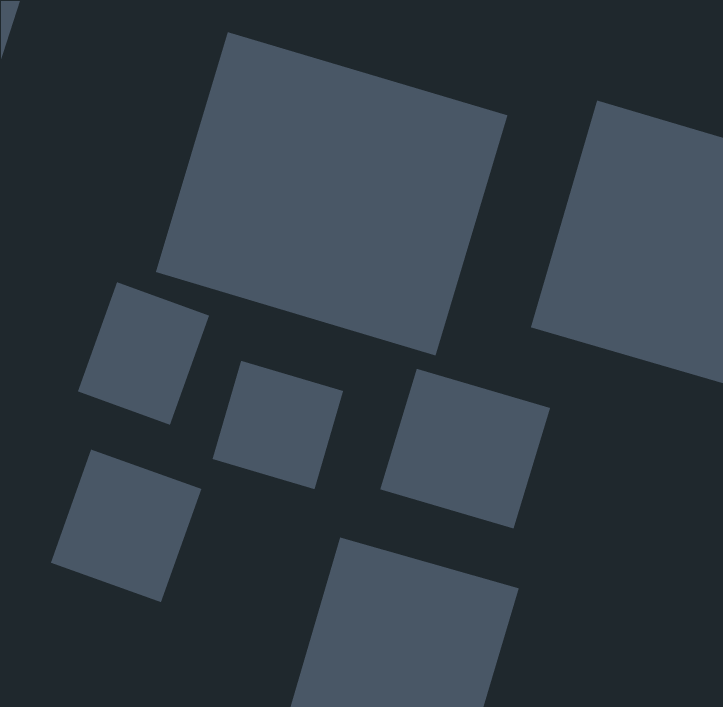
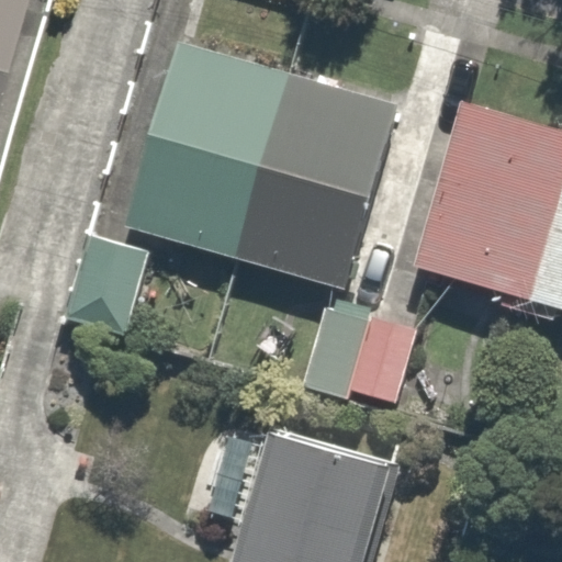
building: [211,360,344,490] -> none
building: [50,448,202,603] -> none

